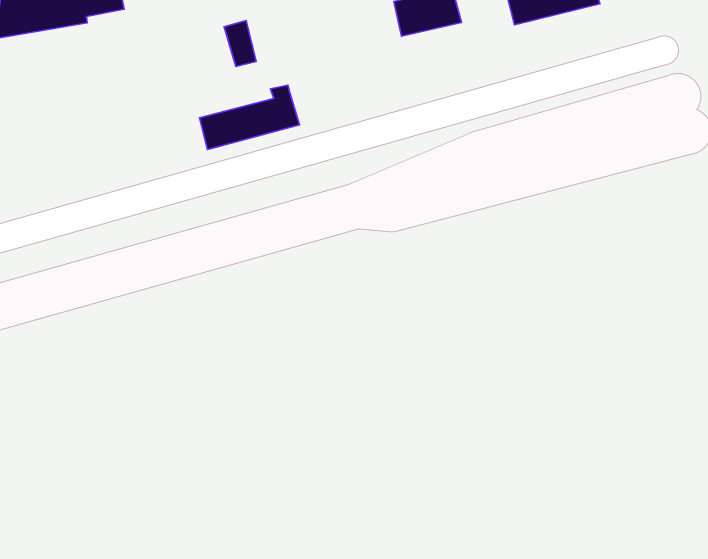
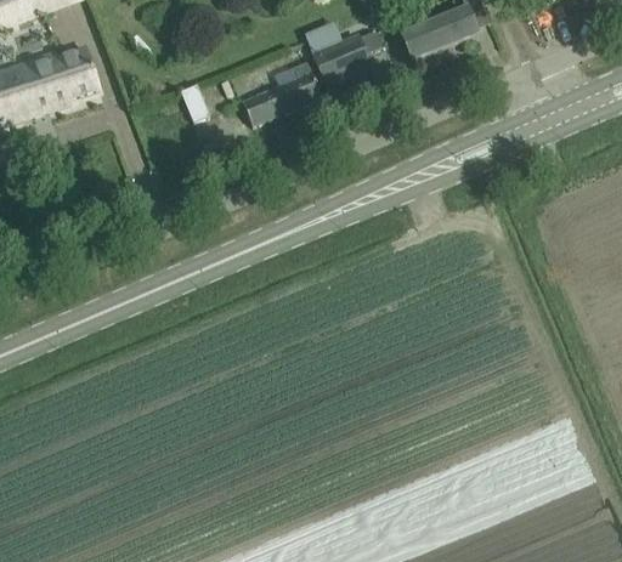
building: [200,85,299,149] -> [243,63,323,123]

